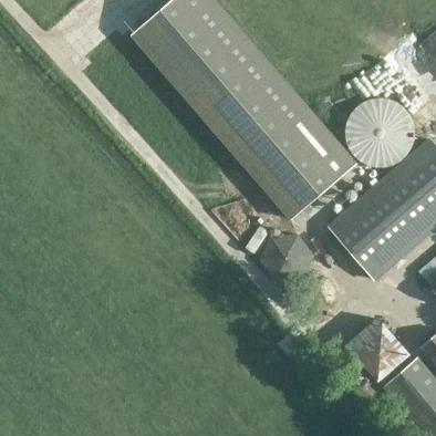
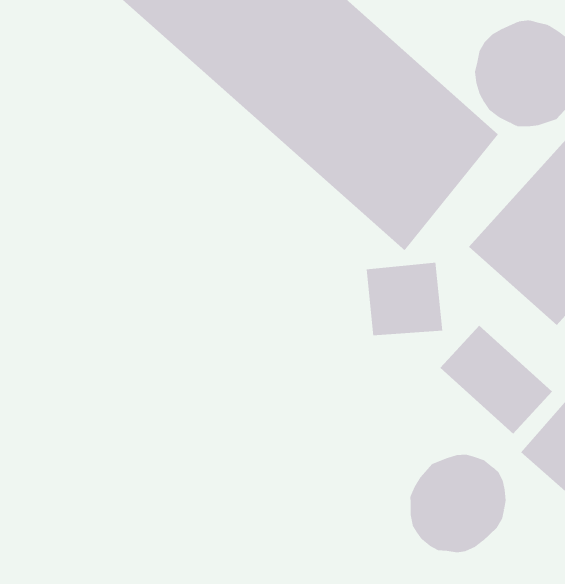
building: none -> [439,325,553,435]
building: none -> [410,454,506,553]

